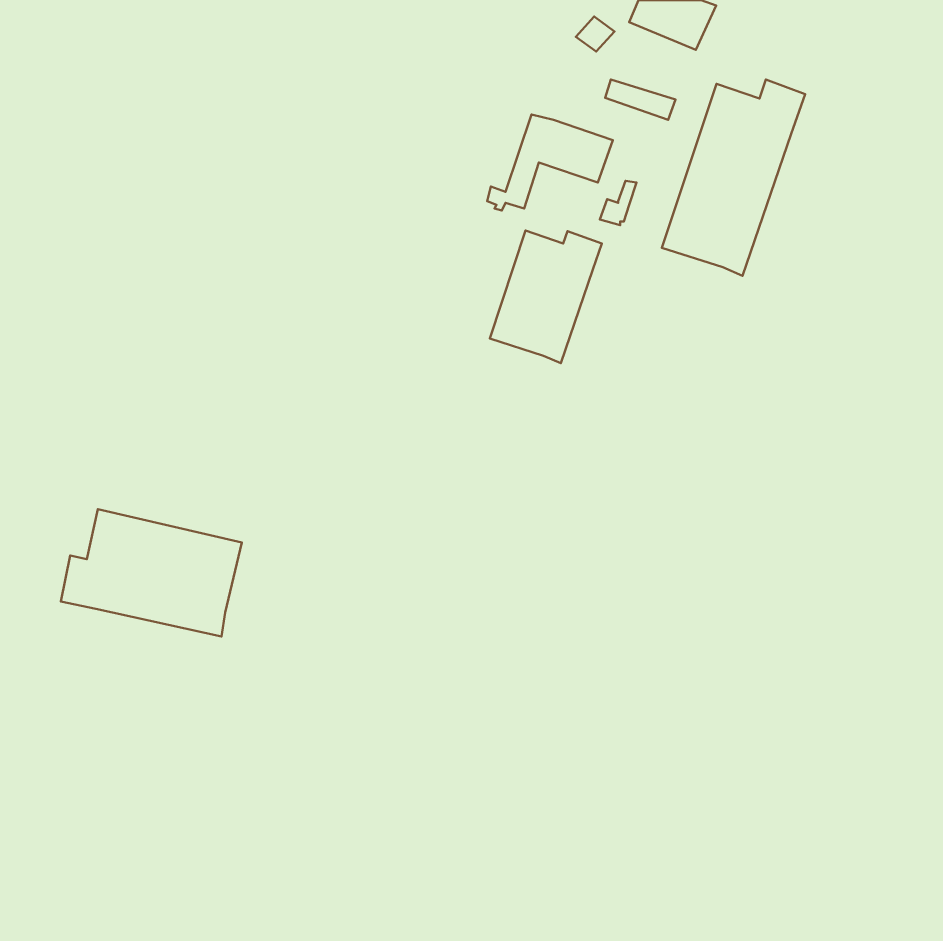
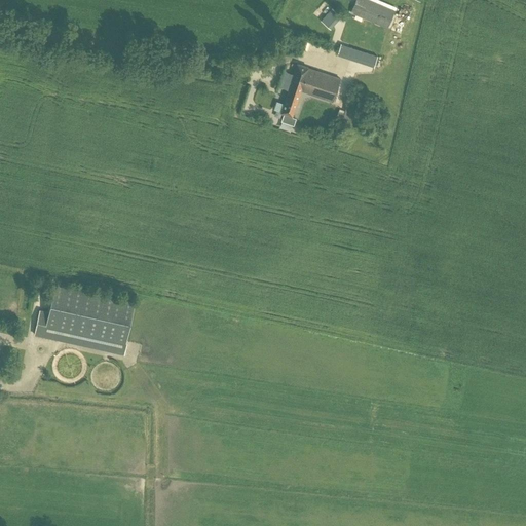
building: [662,80,805,276] -> none
building: [490,231,602,363] -> none

